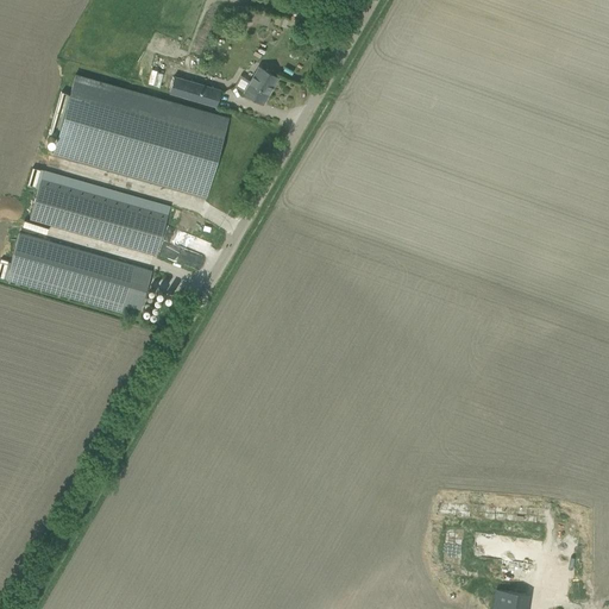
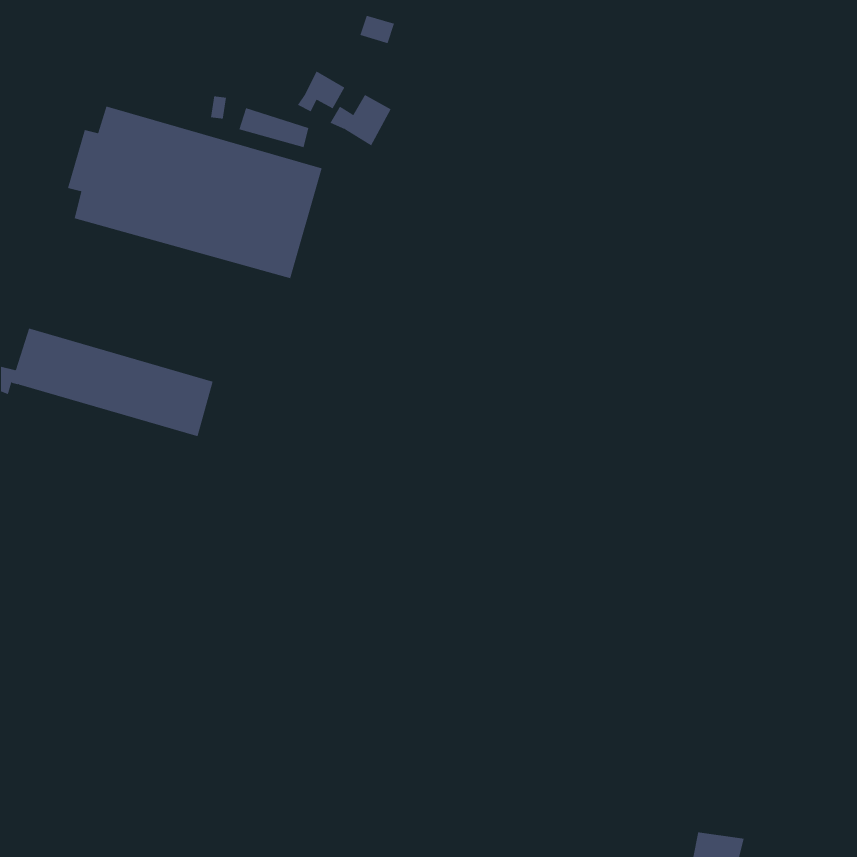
building: none -> [297,71,345,112]
building: [31,180,169,256] -> none

